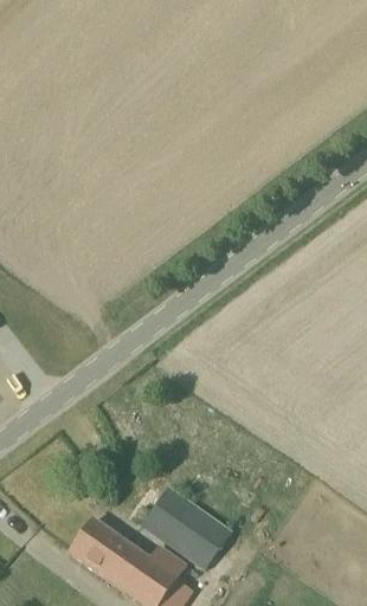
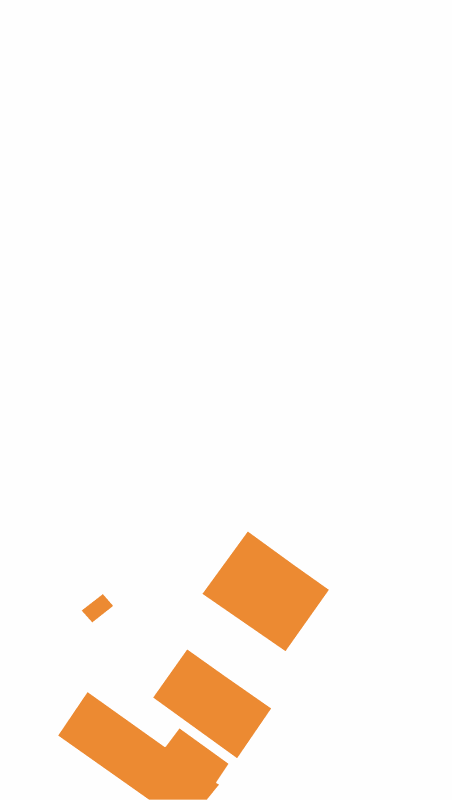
building: none -> [202,531,330,652]

